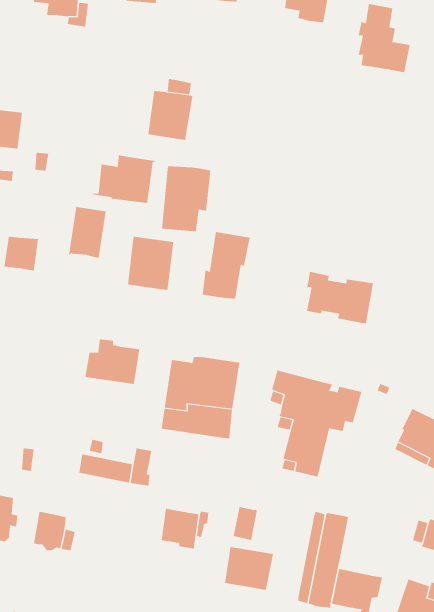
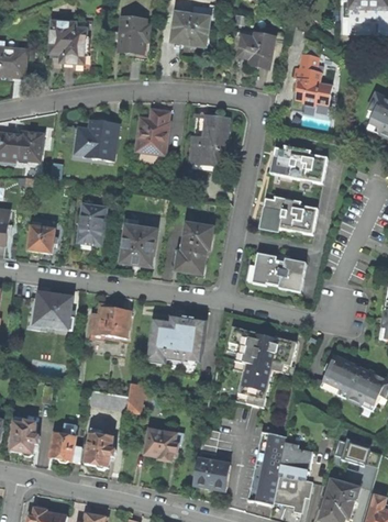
building: none -> [270,144,328,182]
building: [92,155,157,203] -> [71,119,120,155]
building: [161,166,211,232] -> [191,114,229,164]
building: none -> [262,196,318,232]
building: none -> [34,291,75,330]
building: none -> [86,427,115,466]
building: none -> [279,441,311,479]

